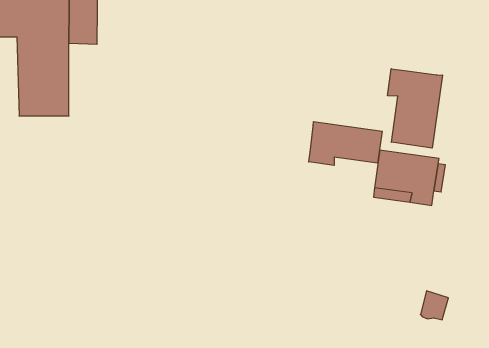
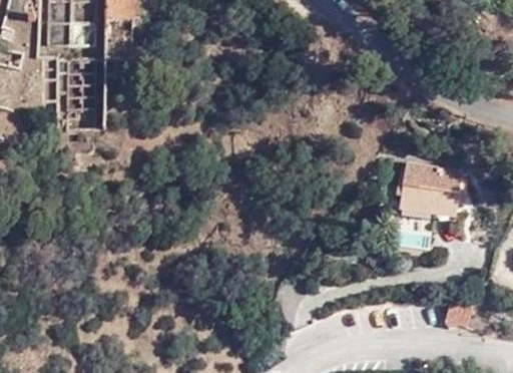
building: [388,69,442,148] -> none
building: [309,122,382,165] -> none

